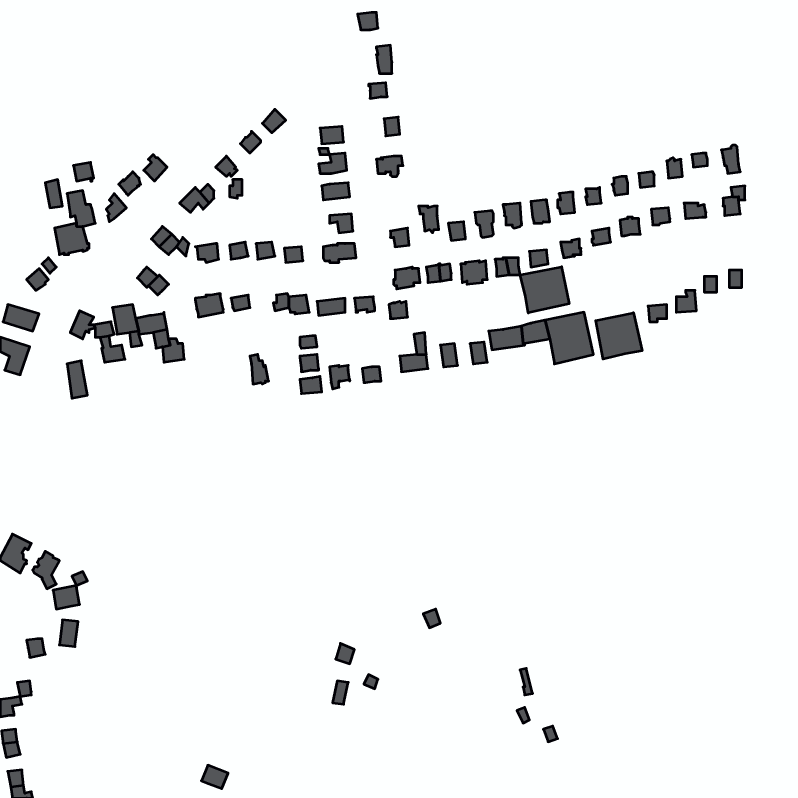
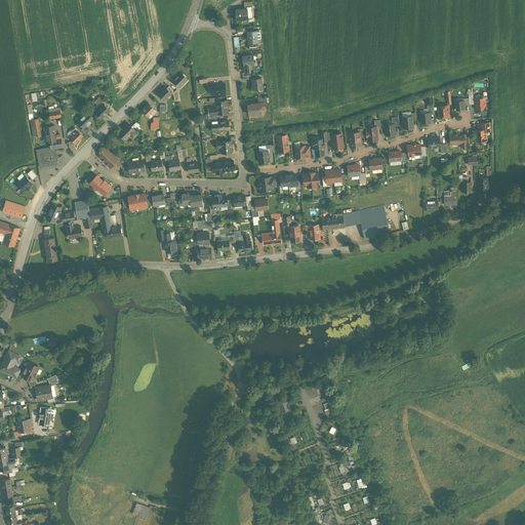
building: [520,267,569,313] -> none
building: [596,313,642,359] -> none

